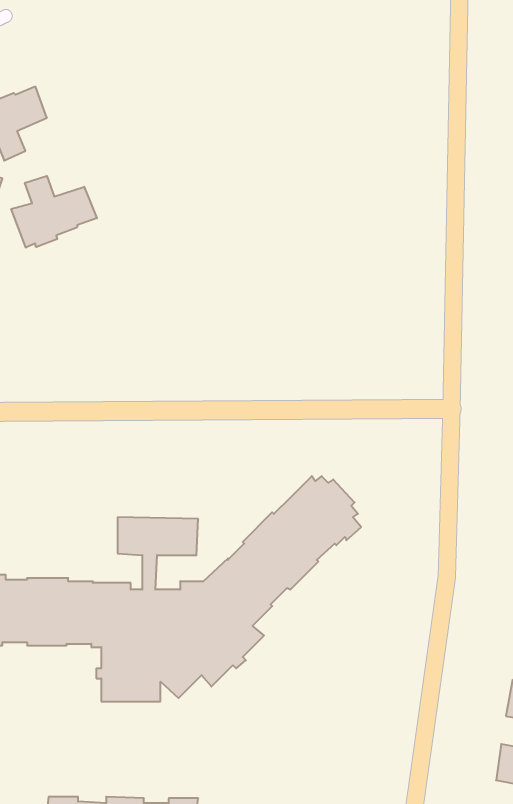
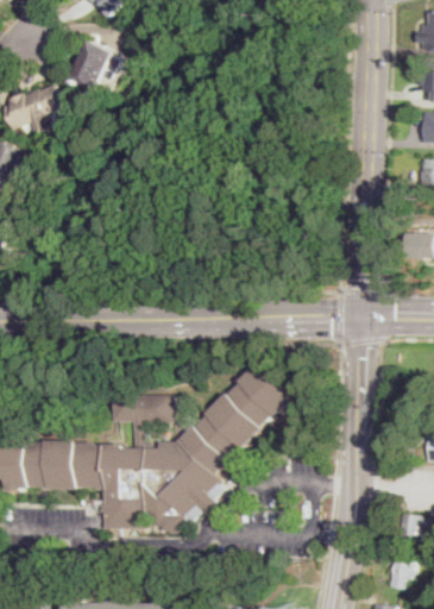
building: none -> [69,38,122,90]
building: [11,176,97,248] -> none

